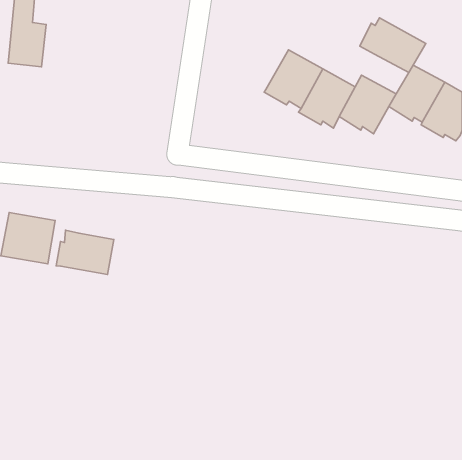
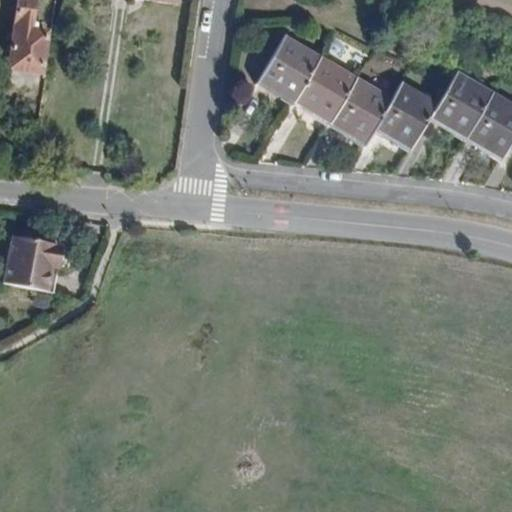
building: [360,18,426,72] -> none
building: none -> [256,34,319,99]
building: [56,230,114,274] -> none

